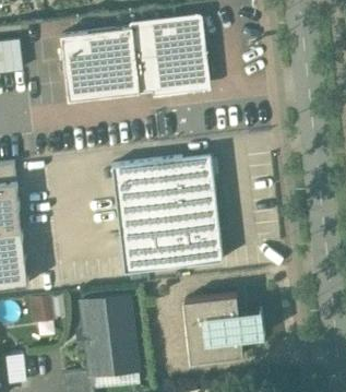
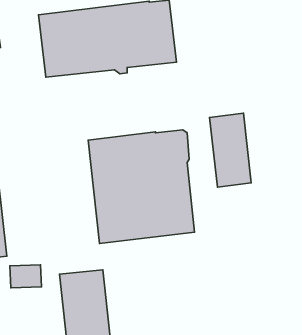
building: none -> [210,113,251,187]
building: [183,294,258,361] -> none

